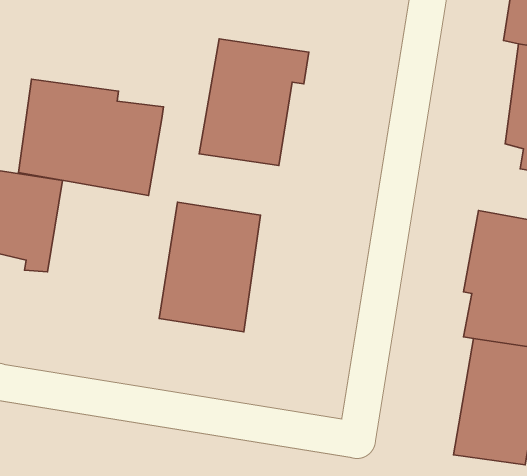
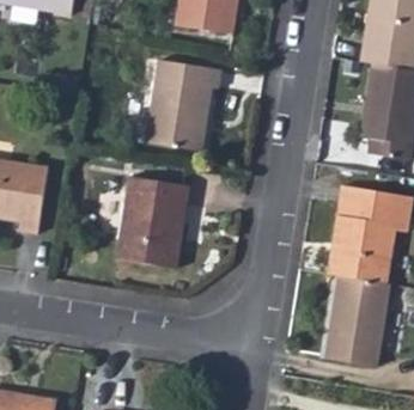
building: [18,79,164,195] -> none

